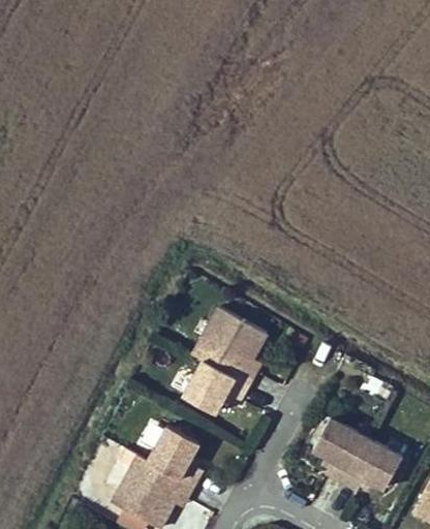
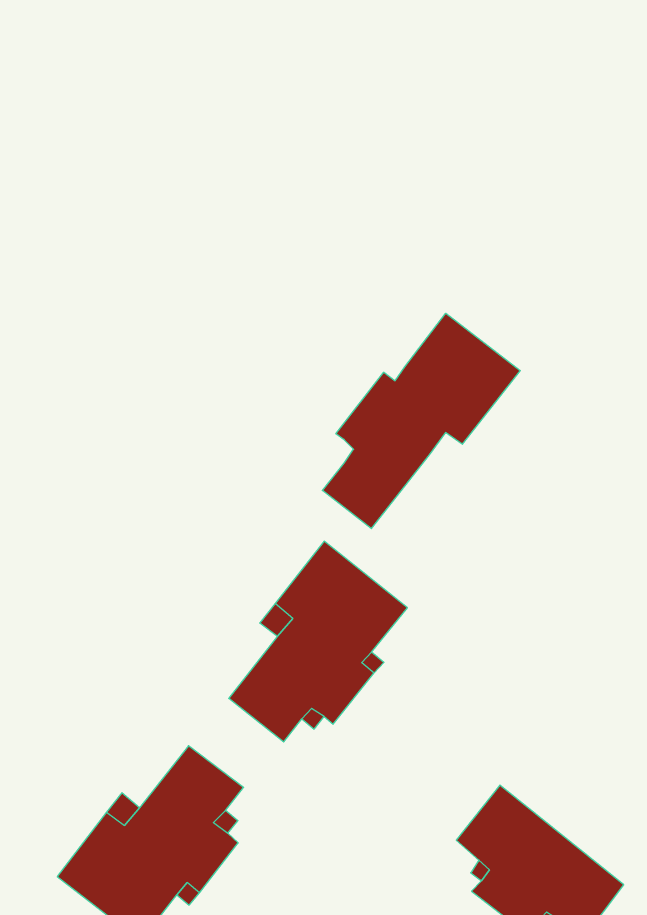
building: none -> [322,313,520,529]

